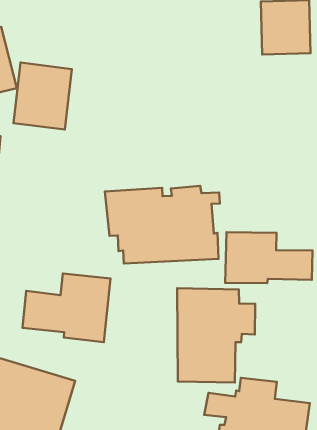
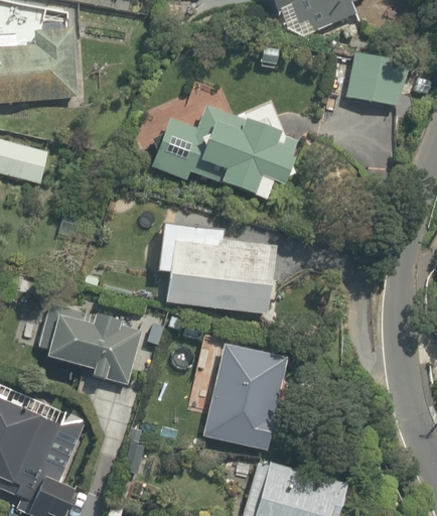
building: [13,63,72,130] -> none
building: none -> [153,102,297,203]
building: [225,232,312,283] -> none

